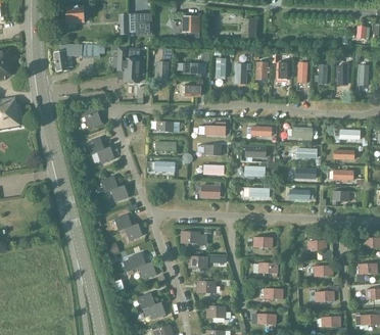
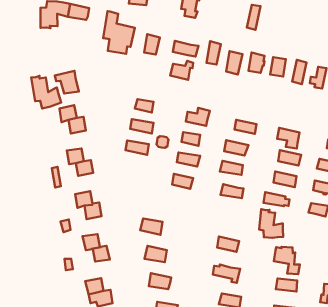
building: none -> [31,76,61,108]
building: none -> [259,209,283,238]

